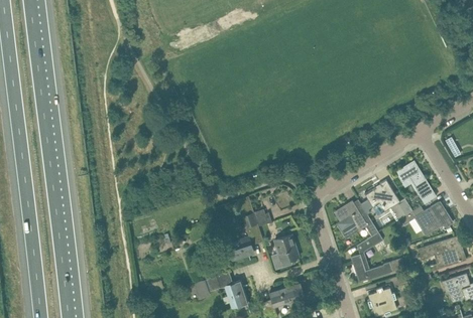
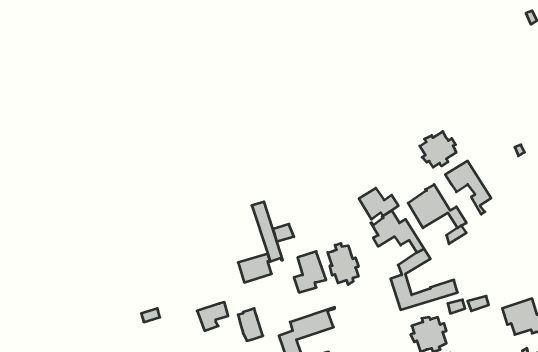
building: none -> [420,131,456,167]
building: none -> [359,188,398,219]
building: [415,203,453,234] -> none
building: none -> [328,243,358,285]
building: [418,235,466,271] -> none

